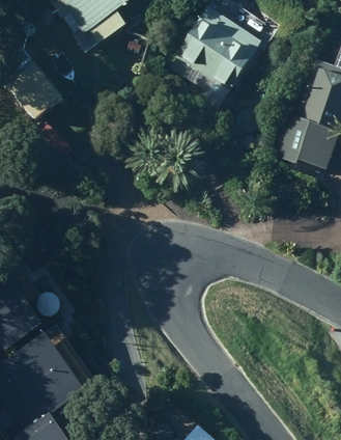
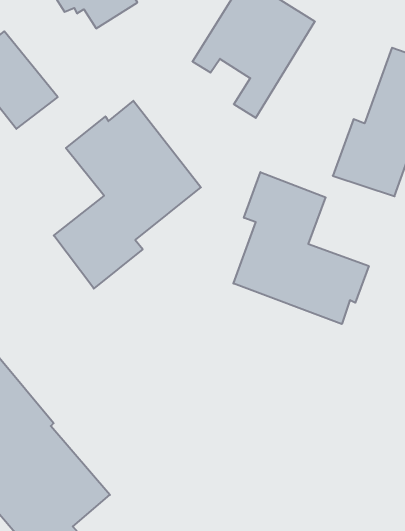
building: none -> [54,101,201,289]
building: none -> [233,172,369,324]

